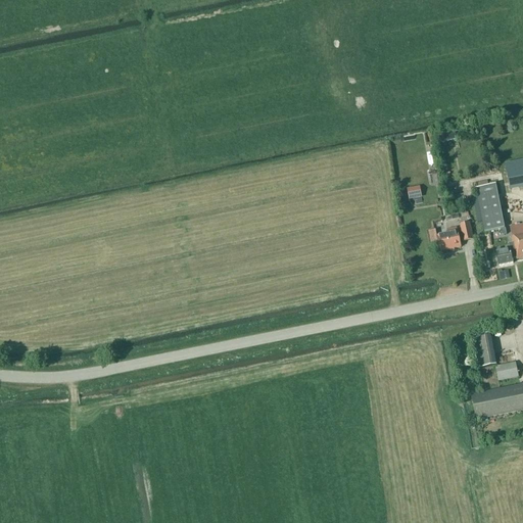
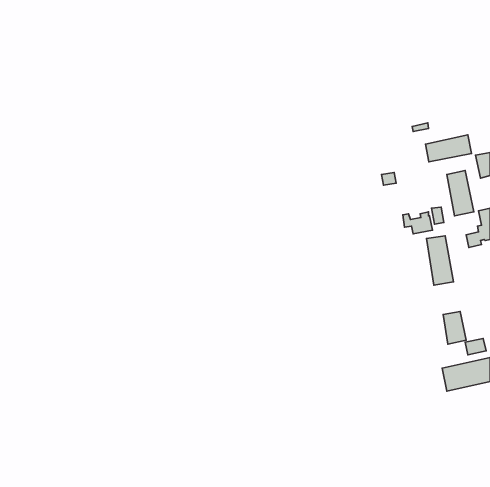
building: none -> [425,135,472,162]
building: none -> [426,236,453,285]

